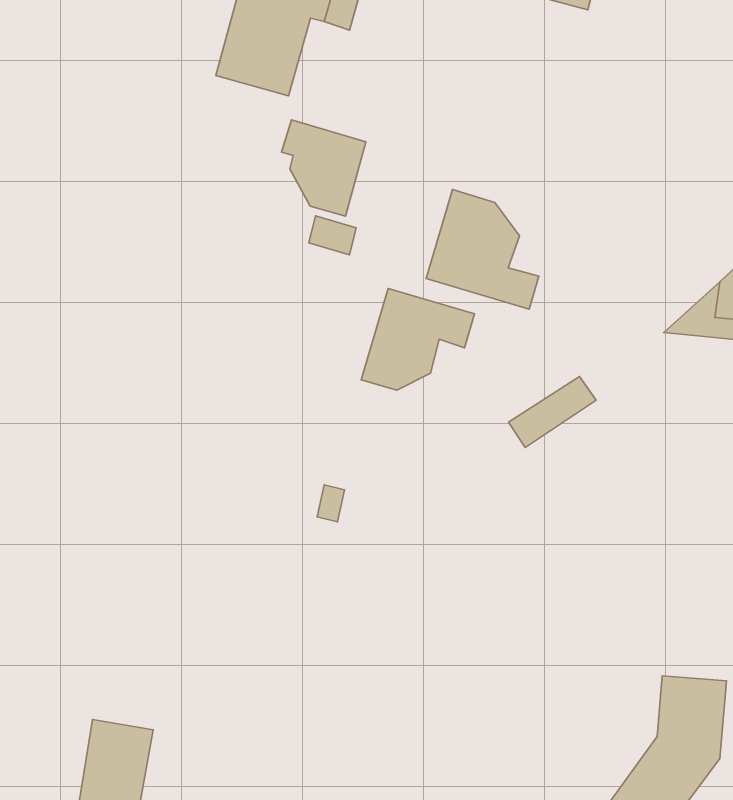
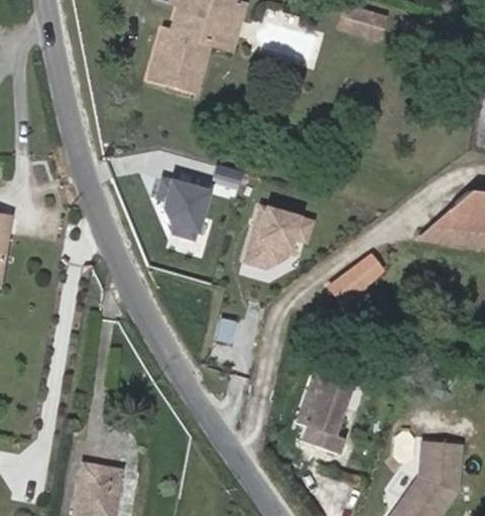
building: [281,120,366,216] -> [155,177,206,235]
building: [426,189,539,309] -> none
building: none -> [295,368,352,453]

